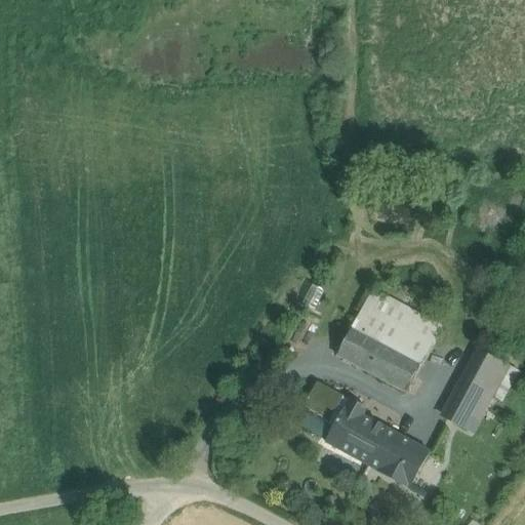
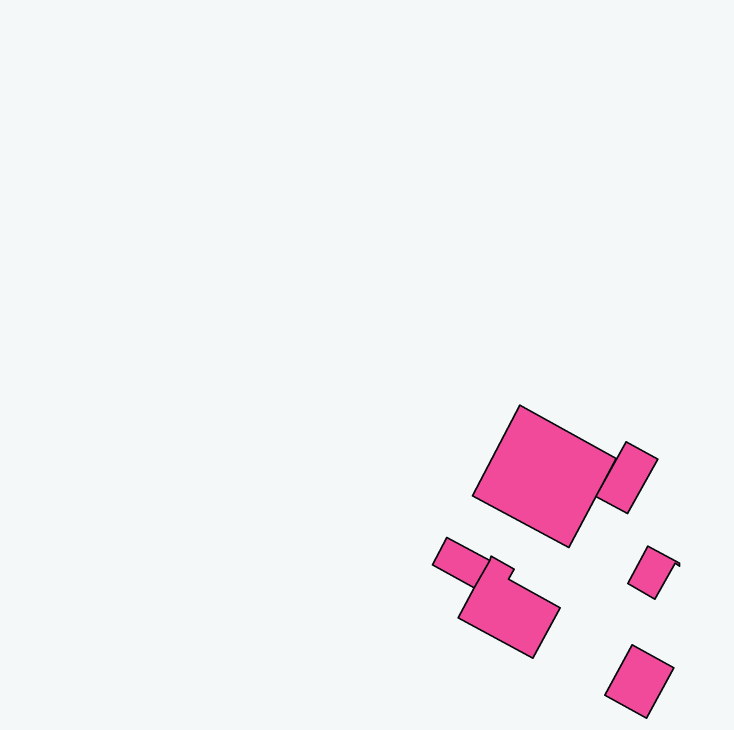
building: [462,351,507,402] -> [596,442,658,514]
building: [380,434,430,486] -> [605,645,674,718]

